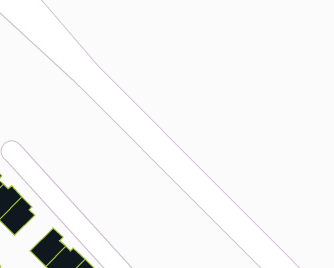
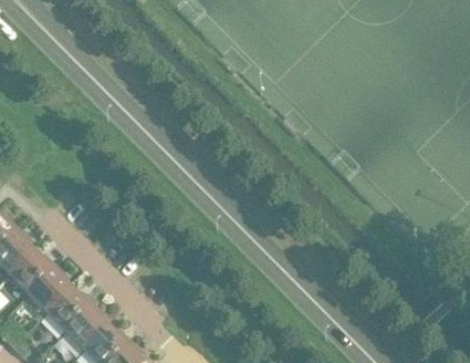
building: none -> [44,288,91,331]

